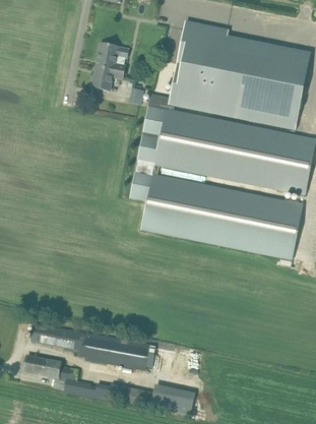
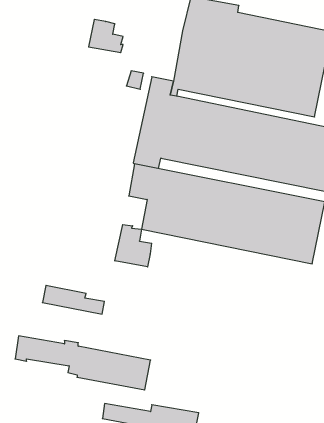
building: [91,67,124,92] -> none
building: none -> [115,225,152,267]
building: [24,356,79,381] -> [42,285,104,314]

